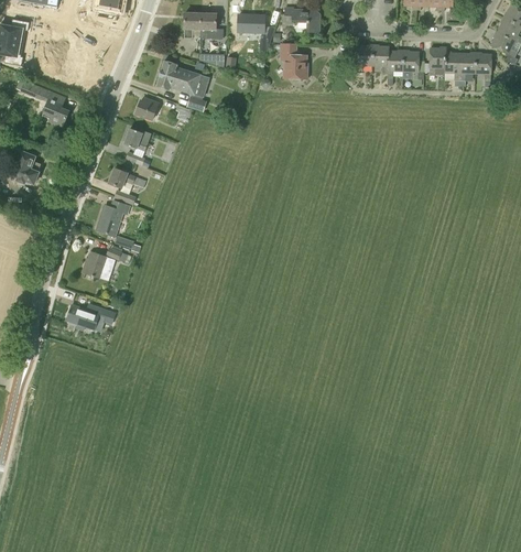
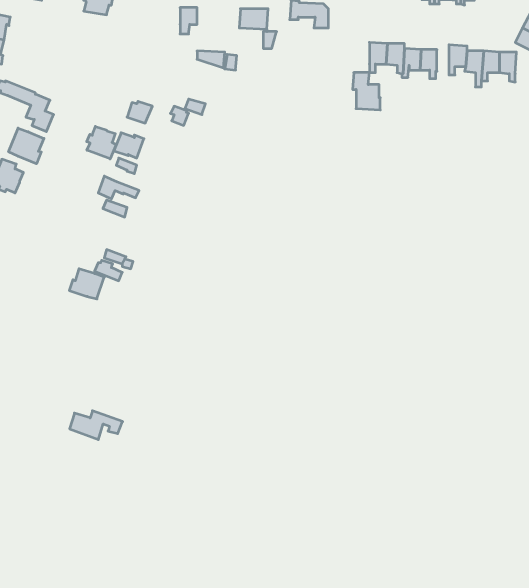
building: [199,13,221,43] -> none
building: [281,44,306,78] -> [353,73,380,110]
building: [156,61,200,95] -> none
building: none -> [87,126,116,159]
building: none -> [9,128,44,164]
building: [95,201,129,240] -> none
building: [67,303,116,329] -> [70,411,123,440]

